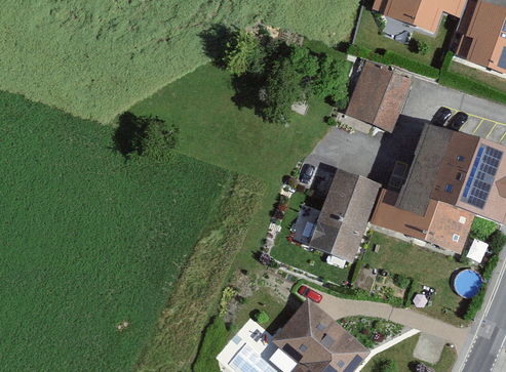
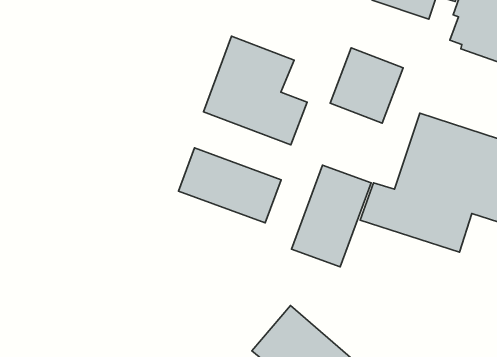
building: none -> [203,36,307,145]
building: none -> [179,148,281,223]

